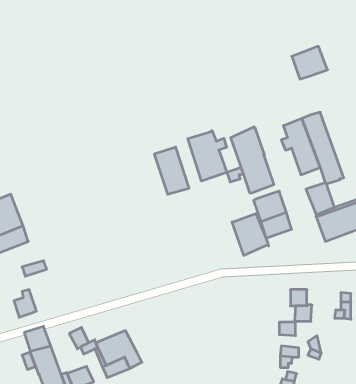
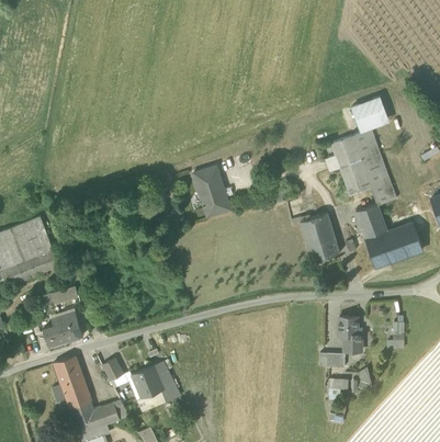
building: [292,46,328,79] -> [351,95,390,131]
building: [231,127,274,193] -> none
building: [188,131,227,181] -> none
building: [232,214,269,255] -> none
building: none -> [59,311,83,340]

